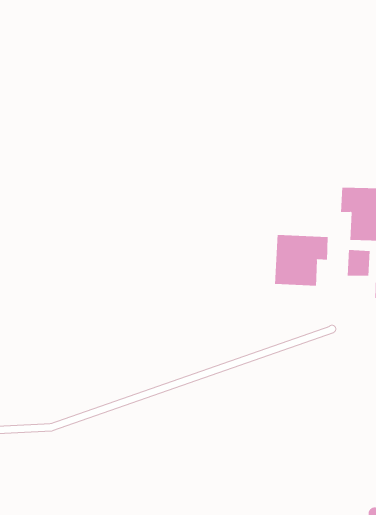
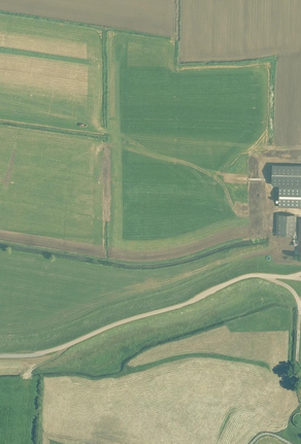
building: [275,234,328,286] -> none

